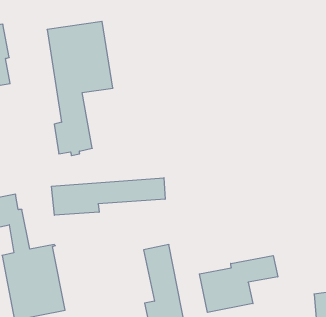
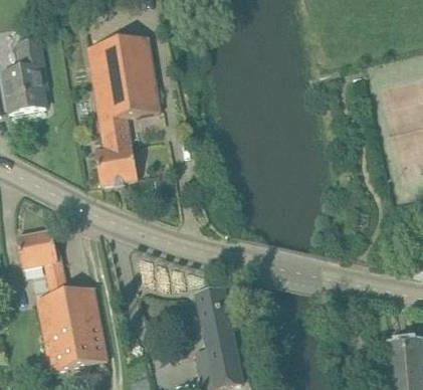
building: [52,178,165,215] -> none
building: [199,256,278,312] -> none

